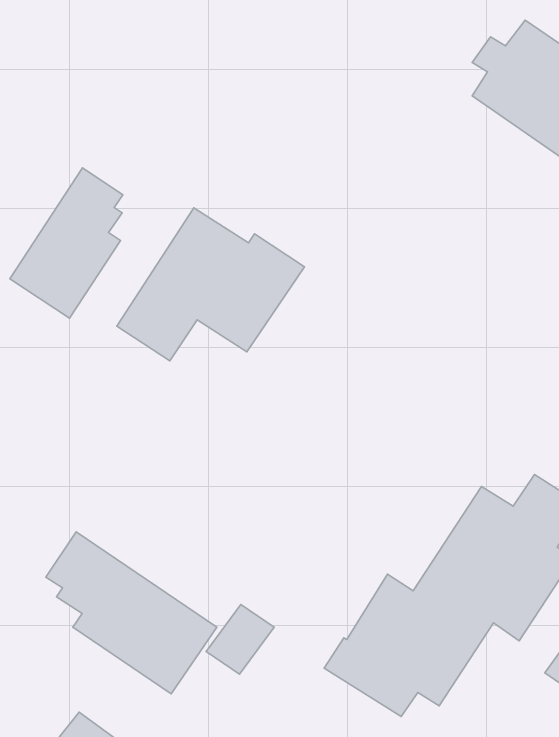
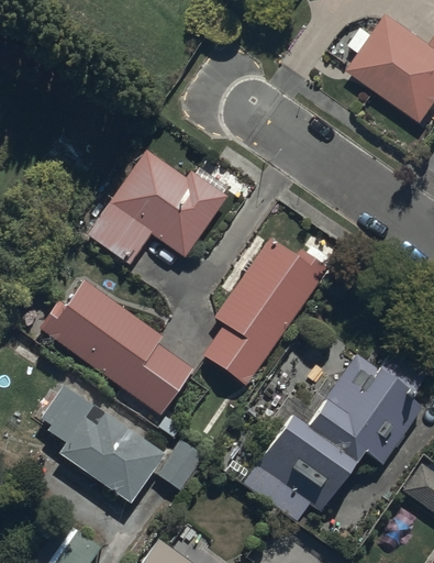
building: [10,168,123,318] -> none
building: none -> [201,230,332,385]
building: none -> [37,280,196,416]

